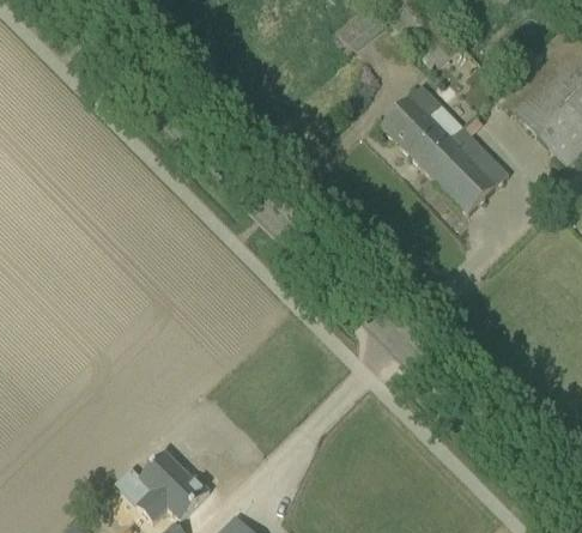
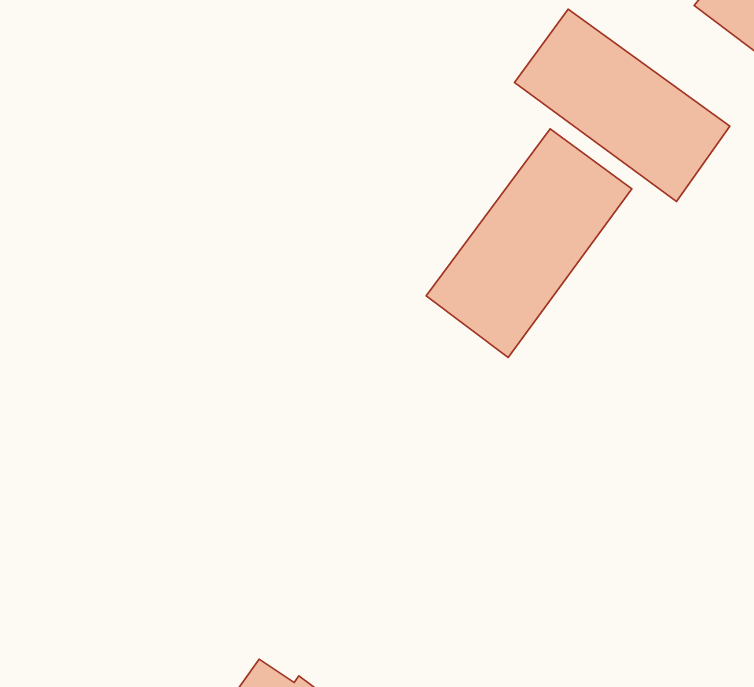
building: none -> [426,129,632,358]

